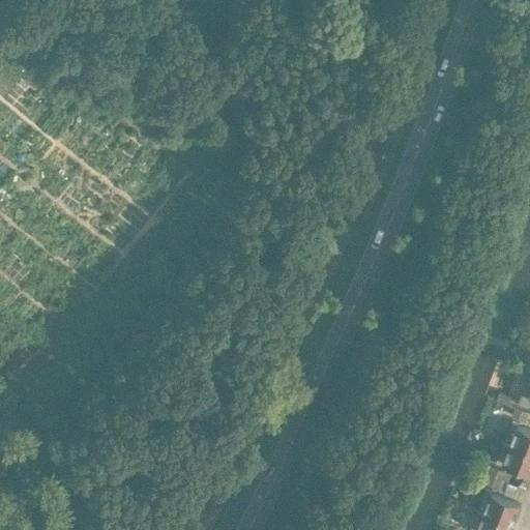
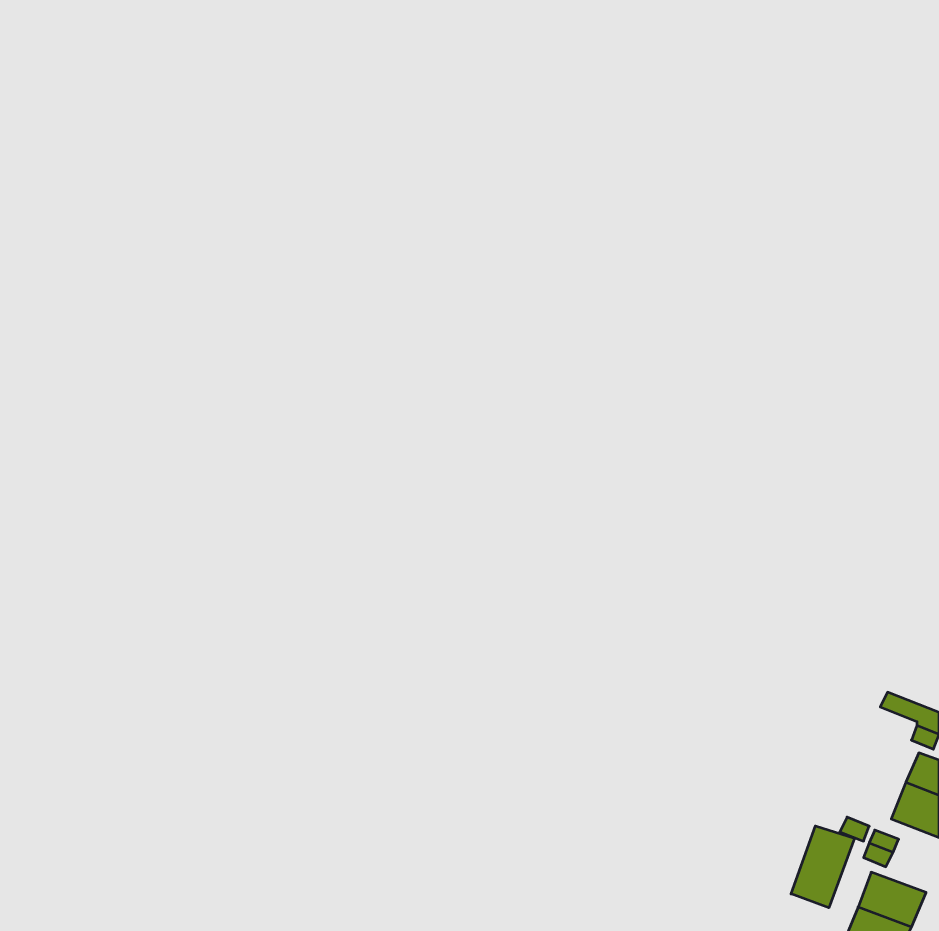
building: none -> [791,826,855,908]

